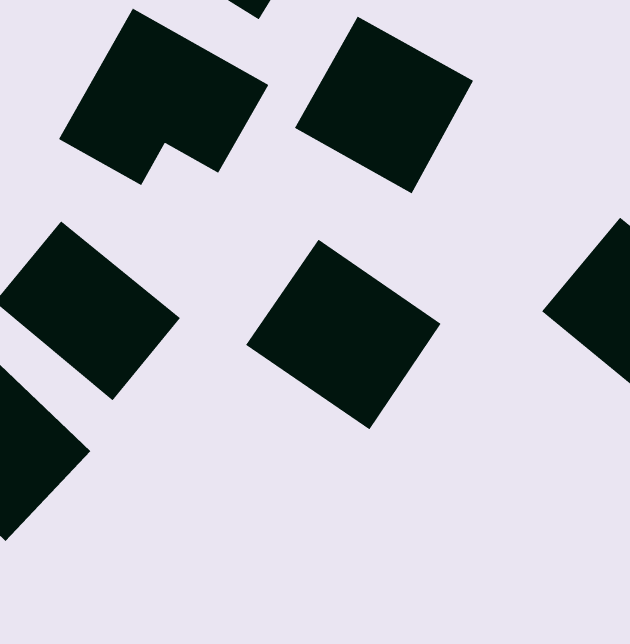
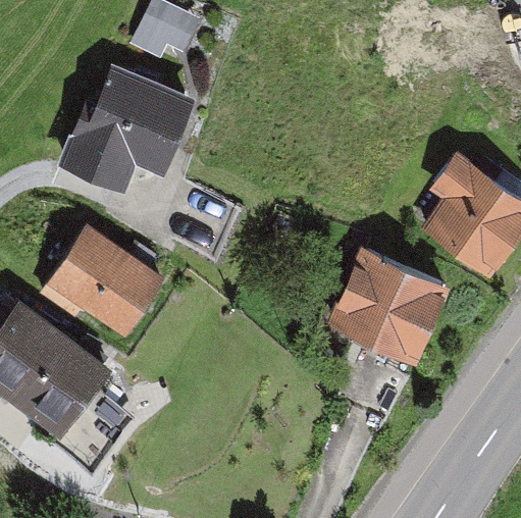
building: [294,16,474,194] -> none
building: [245,239,442,430] -> [319,240,451,364]

